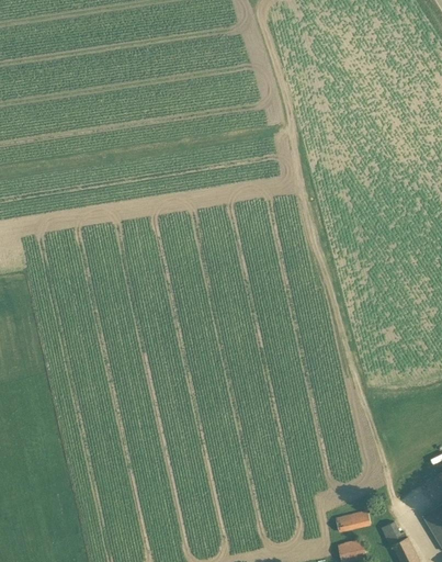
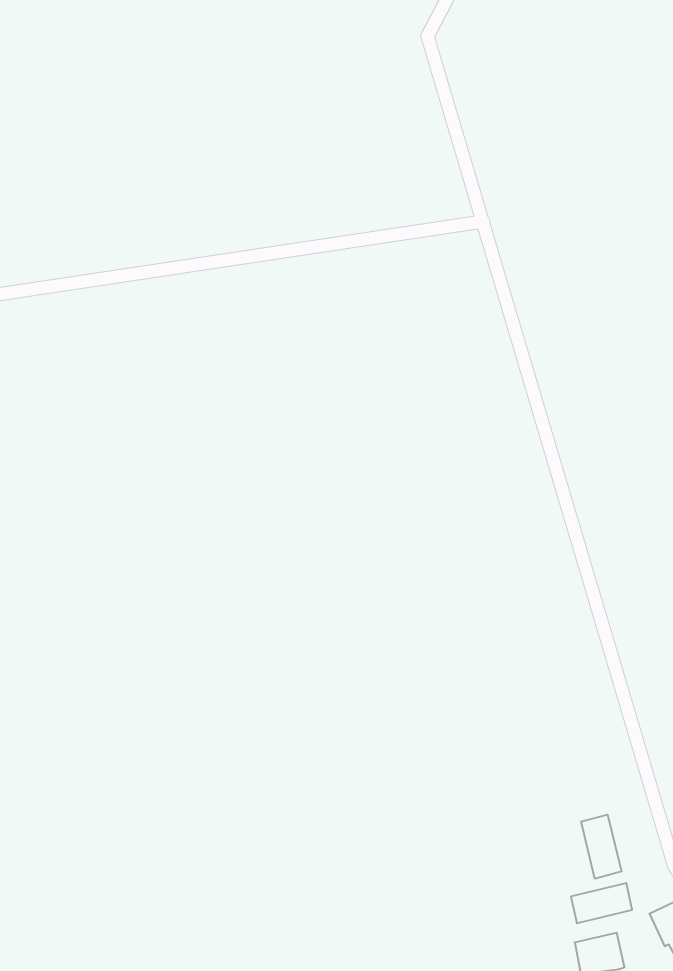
building: none -> [581,815,621,879]

